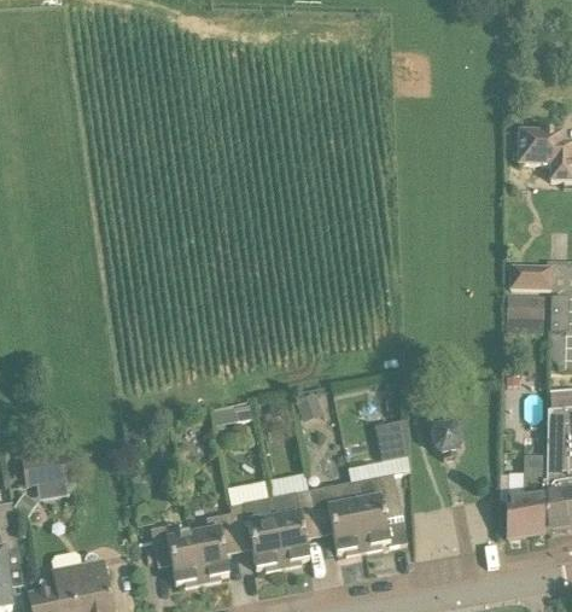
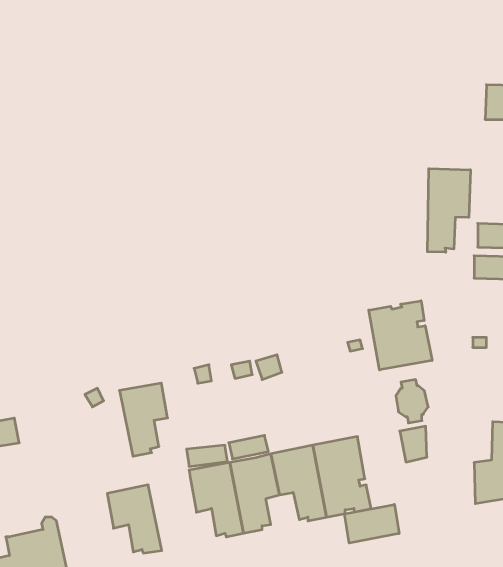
building: none -> [427,169,470,252]
building: none -> [369,301,432,370]
building: [383,426,409,461] -> [400,426,427,462]
building: [189,514,237,585] -> [119,383,168,456]
building: none -> [345,504,399,543]

